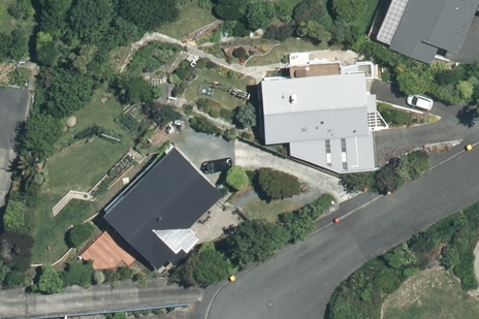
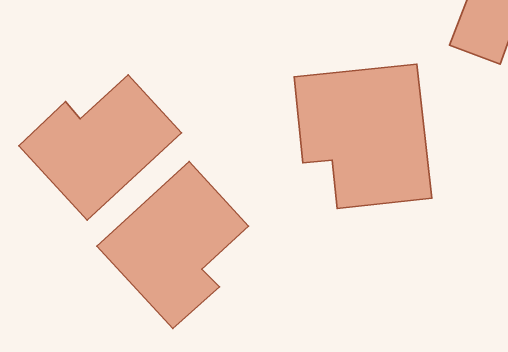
building: none -> [19,75,182,220]

